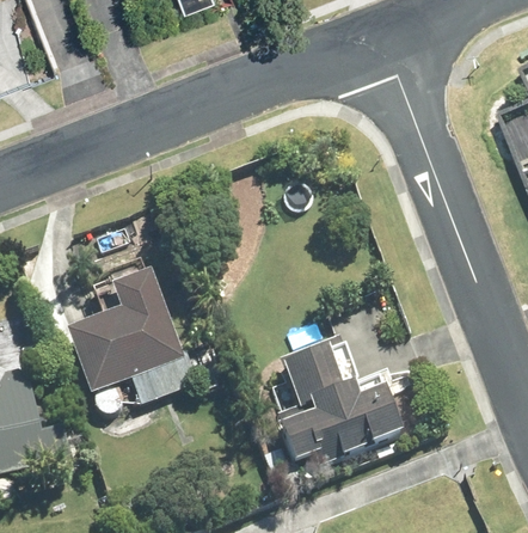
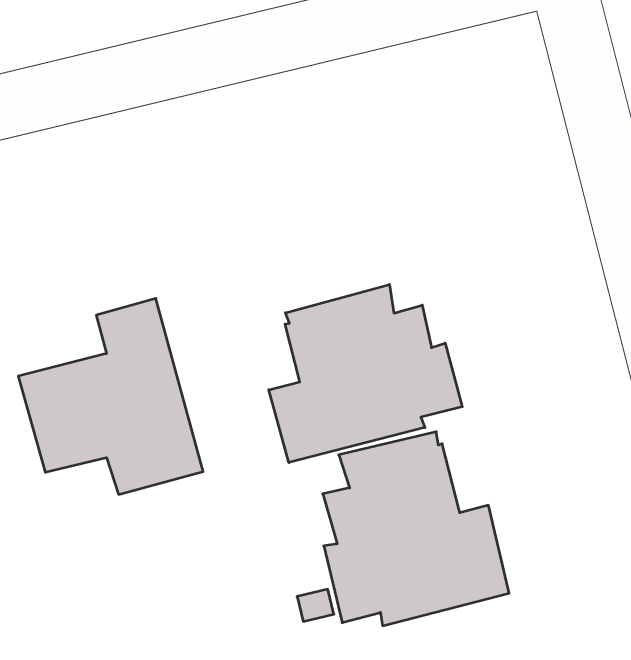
building: none -> [269,284,462,463]

